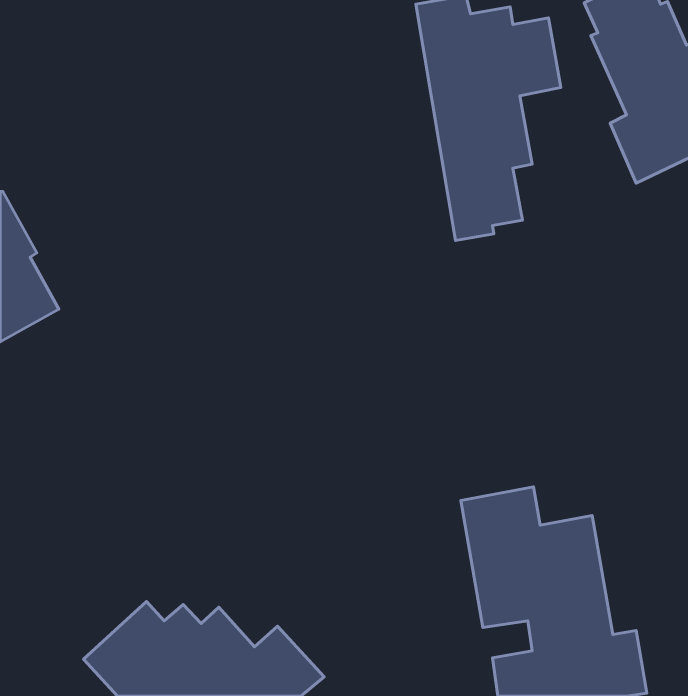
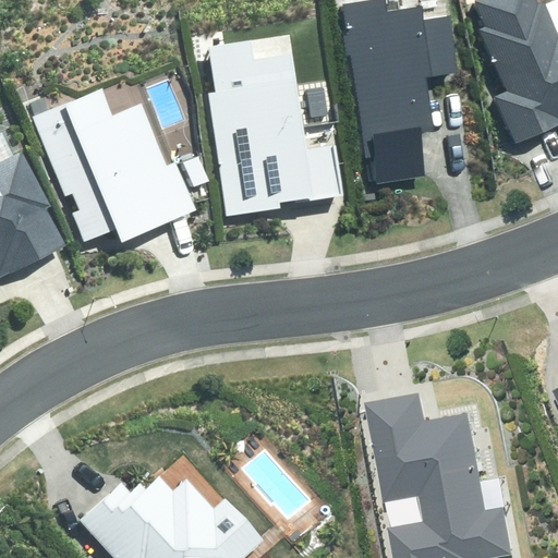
building: none -> [205,35,340,216]
building: none -> [27,87,206,244]

